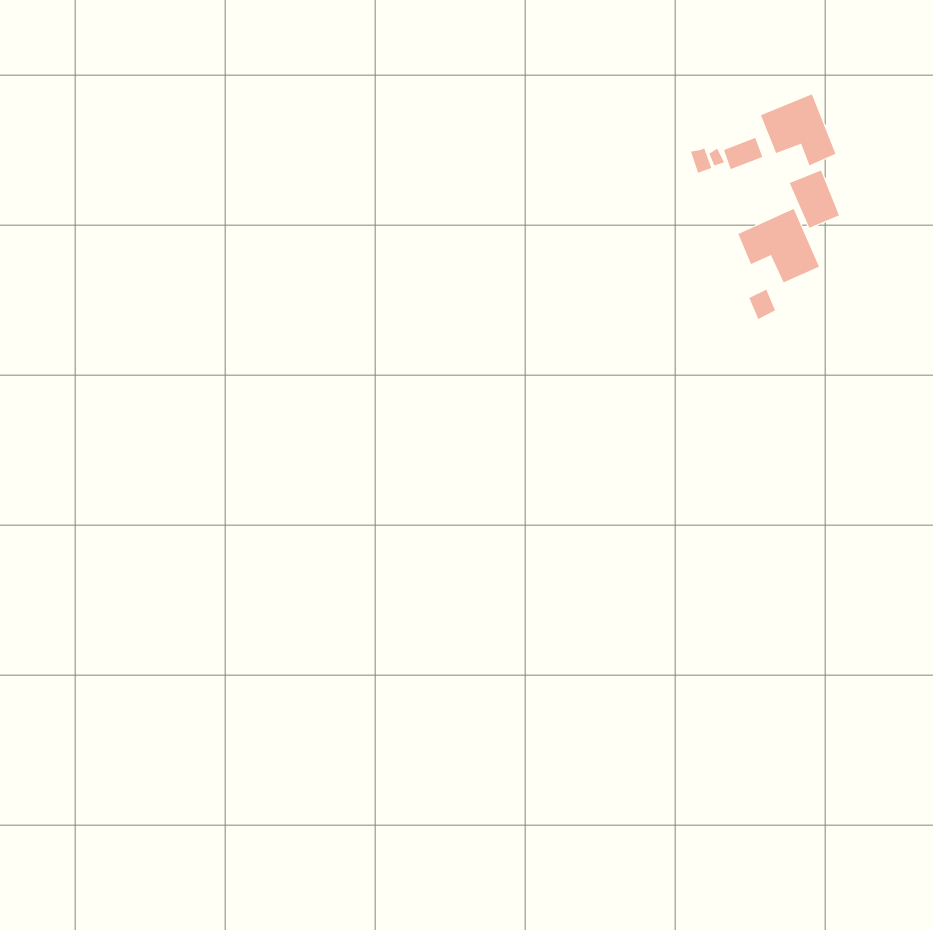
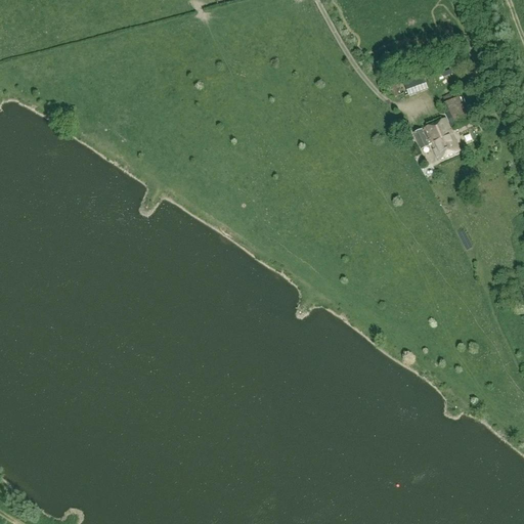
building: [760,93,836,166] -> none

